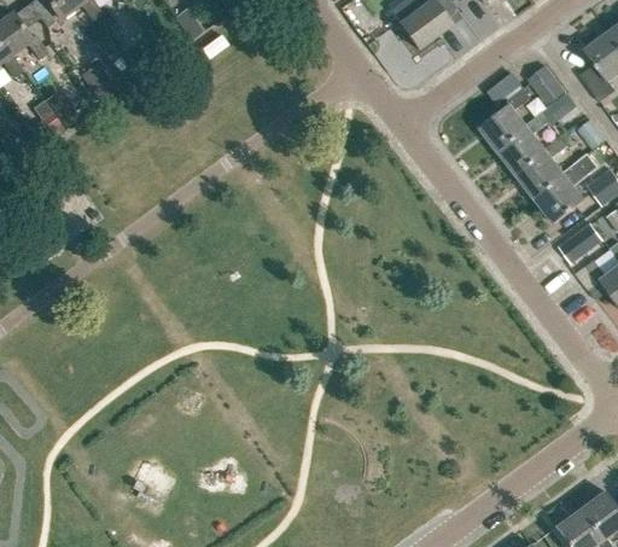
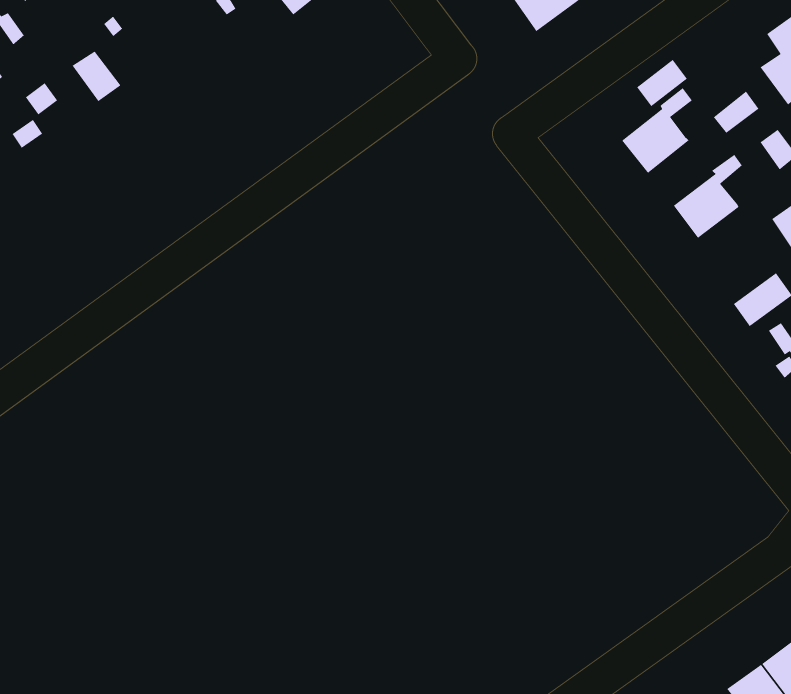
building: [529,64,565,103] -> none
building: [497,112,548,174] -> none
building: [534,156,594,222] -> none

